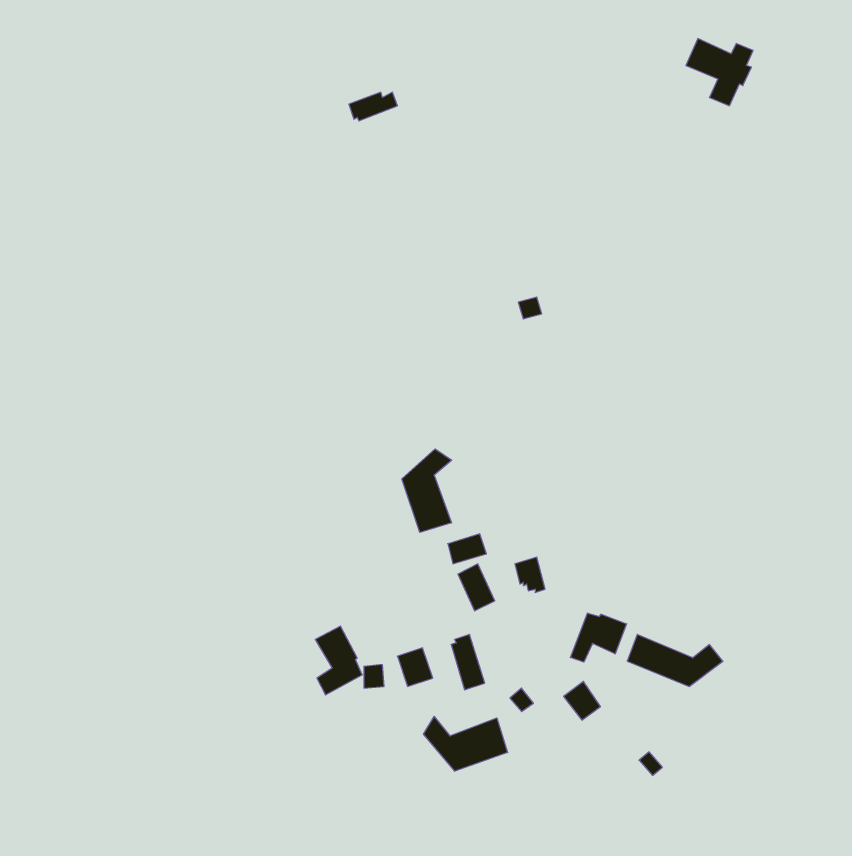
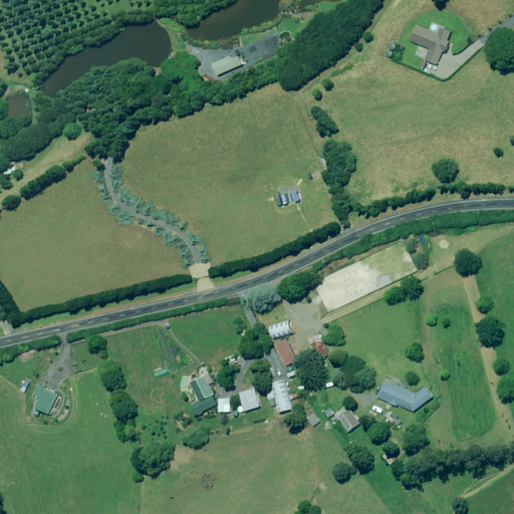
building: [402,449,452,532] -> none
building: [570,613,627,662] -> none
building: none -> [31,382,57,413]
building: [423,716,508,771] -> none

